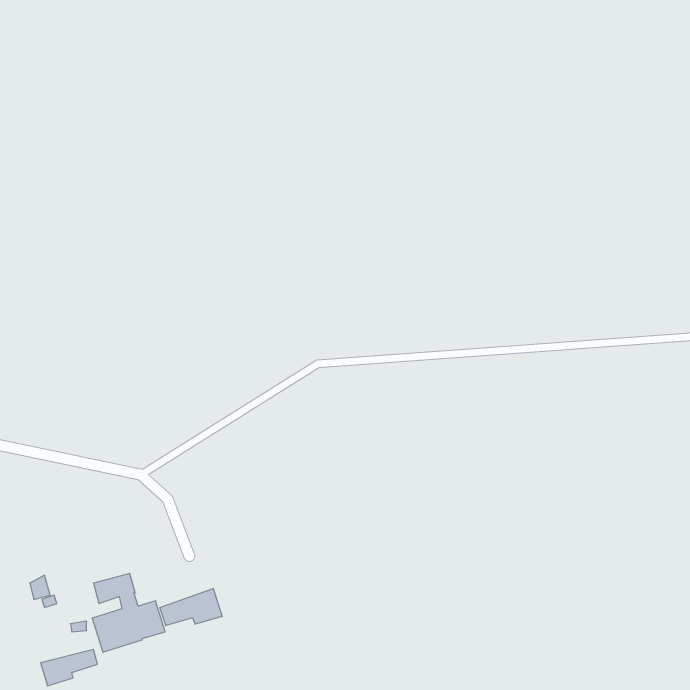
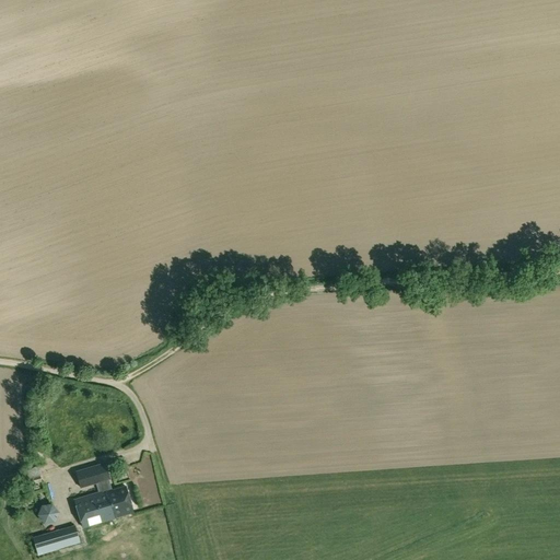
building: [160,588,222,626] -> none

